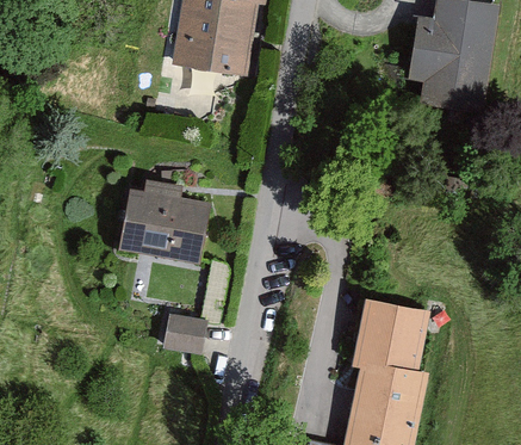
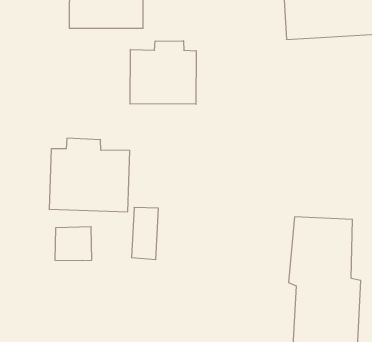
building: none -> [130,41,196,104]
building: [165,311,207,351] -> [55,227,92,260]

